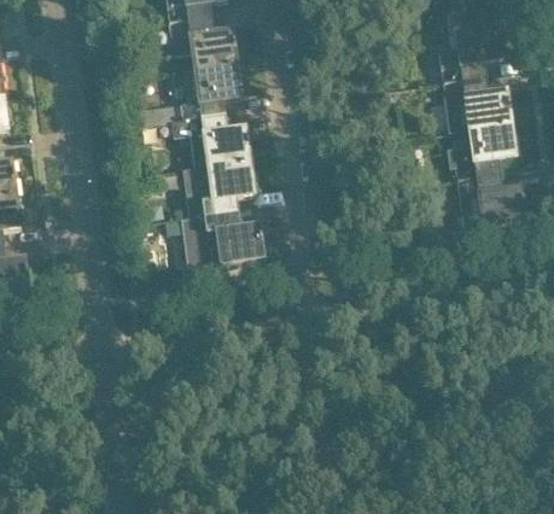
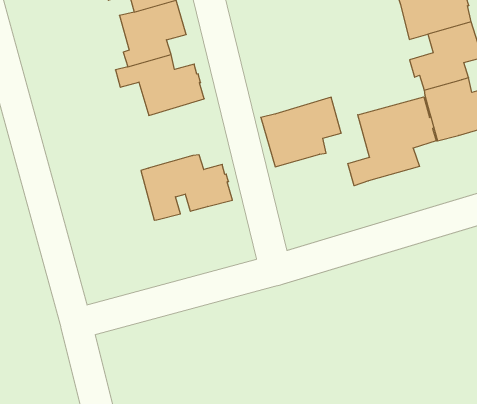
building: [182,157,256,215] -> [261,97,341,167]
building: none -> [348,97,436,186]

